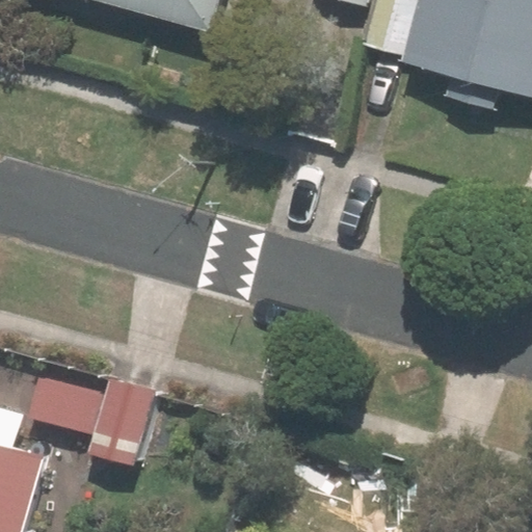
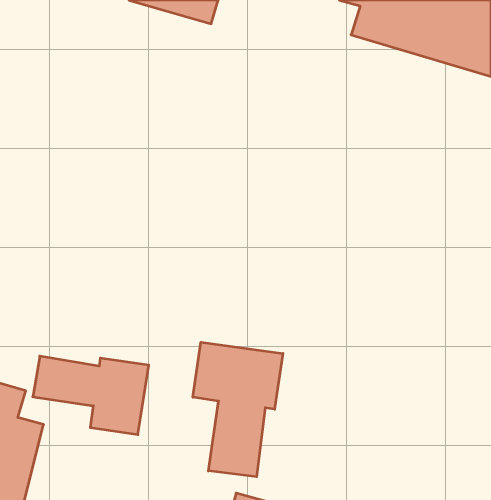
building: none -> [193,342,283,477]

